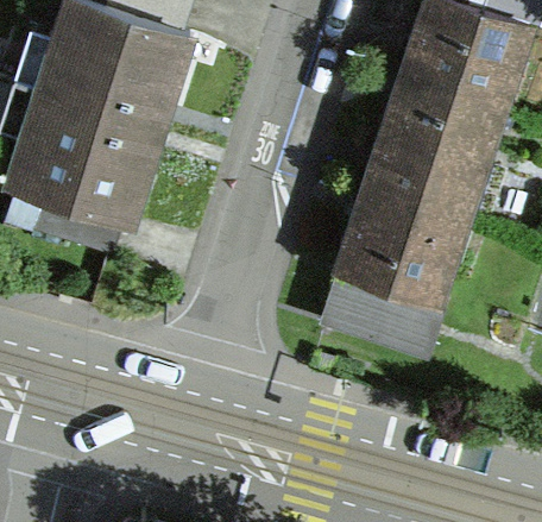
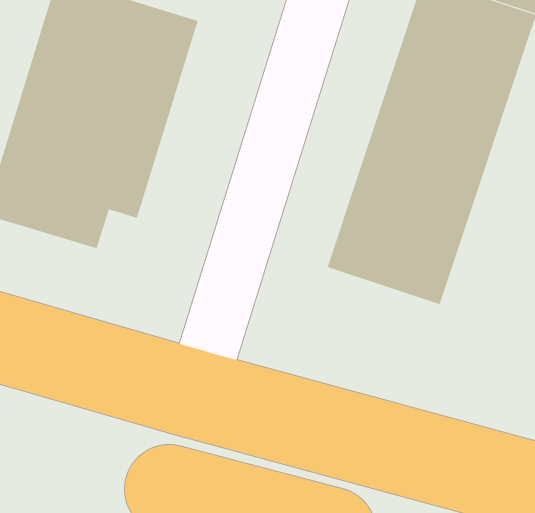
building: [319,270,442,358] -> none

